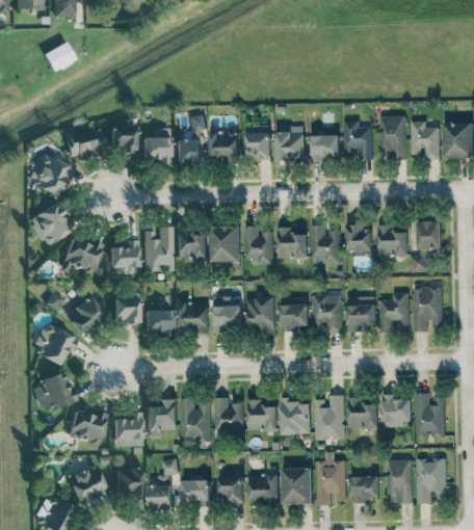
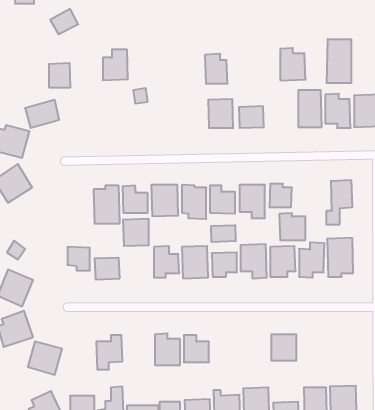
building: [43,42,75,71] -> [50,9,78,34]
building: none -> [327,39,351,83]
building: [344,121,373,158] -> [280,48,306,80]
building: [245,125,271,159] -> [205,54,228,84]
building: [111,126,136,154] -> [49,63,71,87]
building: [142,128,172,163] -> [103,50,128,80]
building: [209,130,239,160] -> none
building: [176,139,200,164] -> none
building: [377,224,407,256] -> [279,213,305,240]
building: [60,235,102,273] -> none
building: [109,241,138,267] -> none
building: none -> [211,225,236,242]
building: [60,295,105,336] -> none
building: [178,301,208,333] -> [123,219,149,246]
building: [416,393,445,438] -> none
building: [381,394,412,425] -> none
building: [315,395,345,440] -> none
building: [180,398,211,444] -> none
building: [281,398,311,434] -> none
building: [113,413,142,447] -> none

